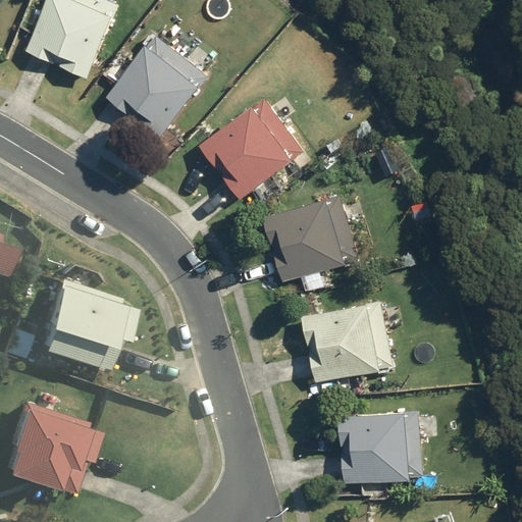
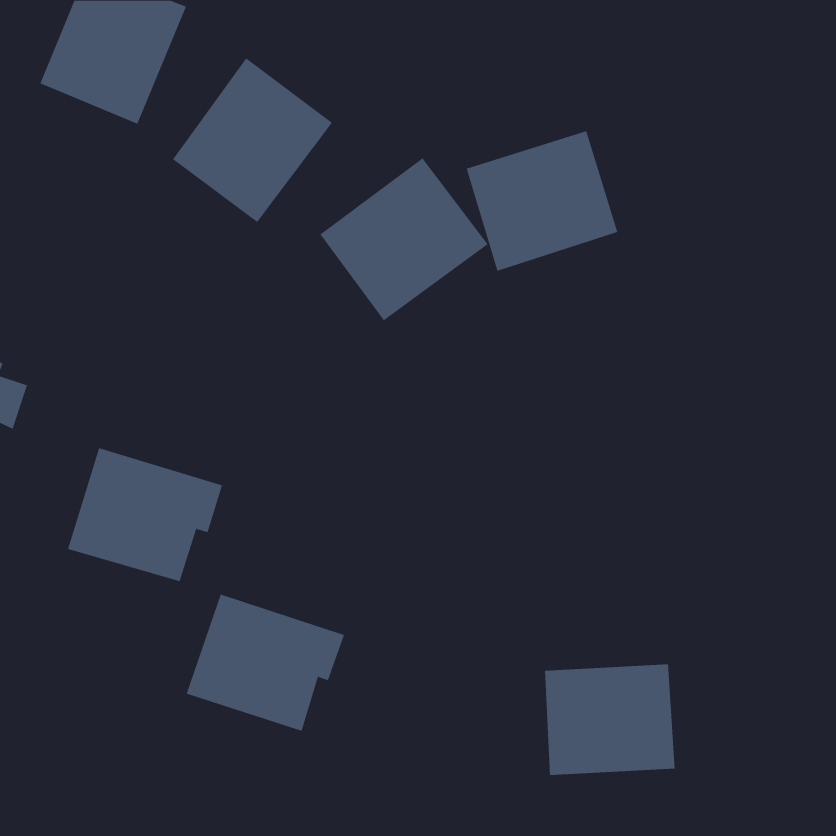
building: [262,196,357,283] -> [466,131,618,272]
building: [300,302,392,384] -> none
building: [5,403,104,488] -> [186,594,345,732]

